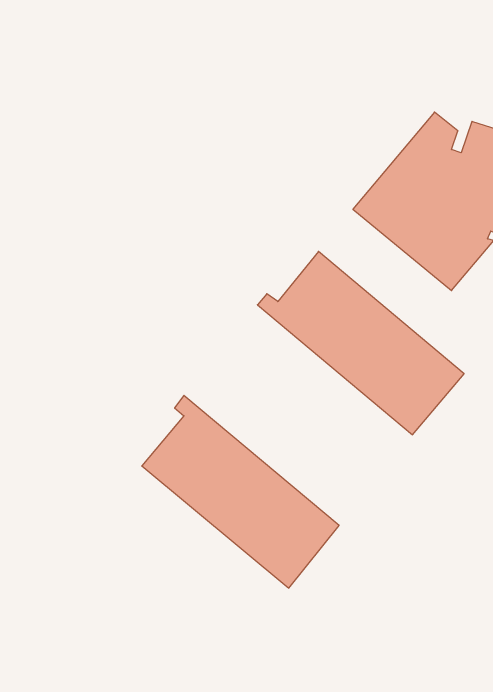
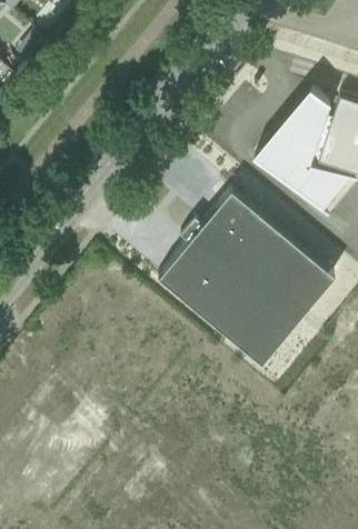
building: [142,395,339,588] -> [157,228,297,365]

